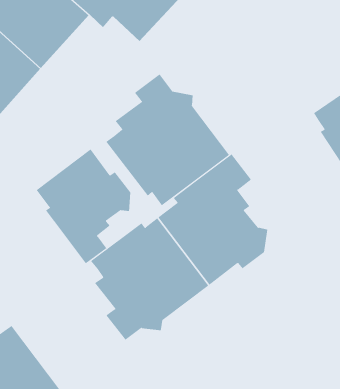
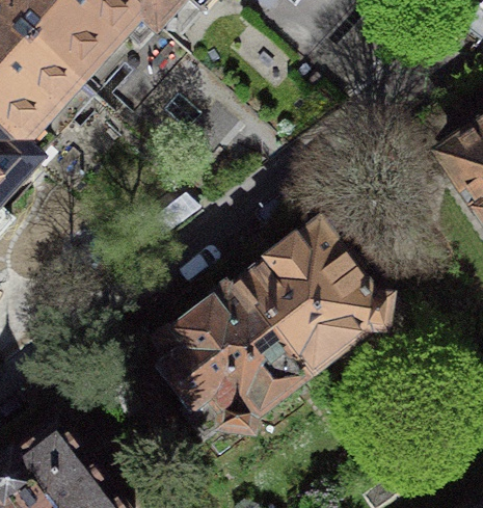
building: [106,74,230,206] -> none
building: [36,149,131,264] -> none

